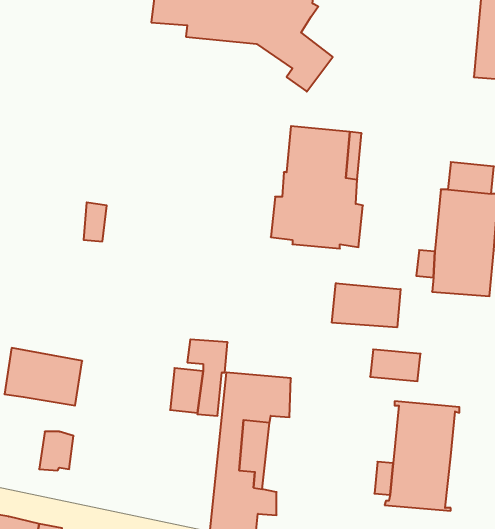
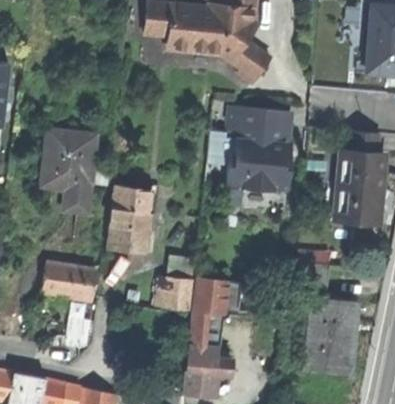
building: none -> [44,133,96,213]
building: none -> [108,187,154,253]
building: [332,283,401,327] -> none

